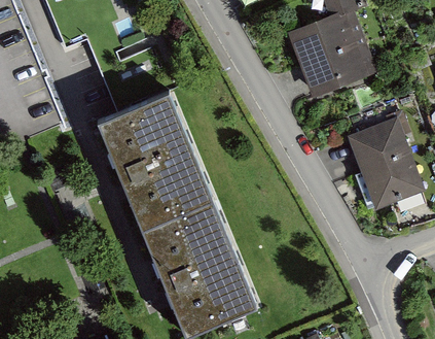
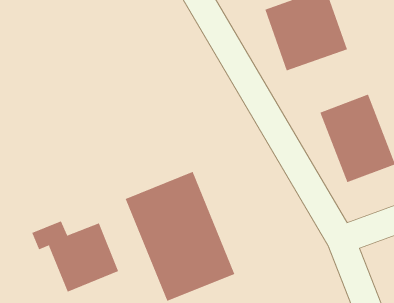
building: [98,91,214,228] -> none
building: none -> [32,221,119,292]

